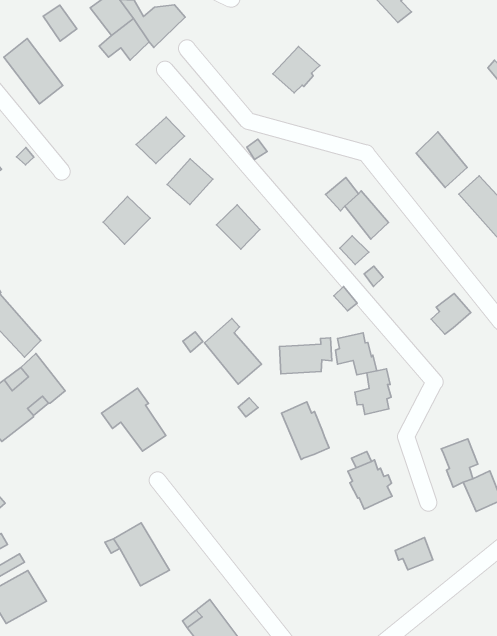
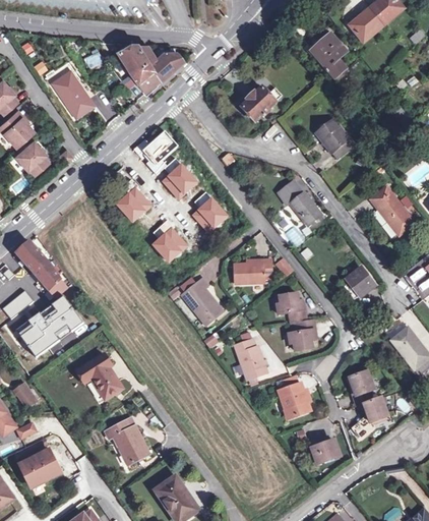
building: [416,132,467,187] -> [315,118,351,158]
building: none -> [151,228,184,259]
building: [279,338,332,374] -> [234,260,270,284]
building: [102,388,166,451] -> [78,354,123,399]

